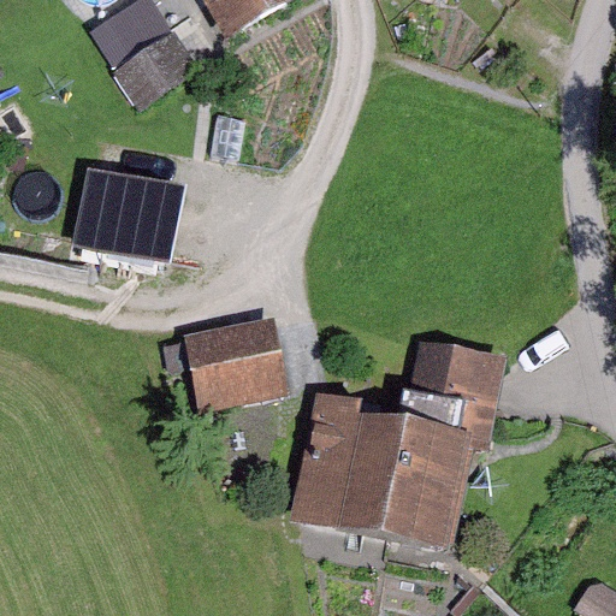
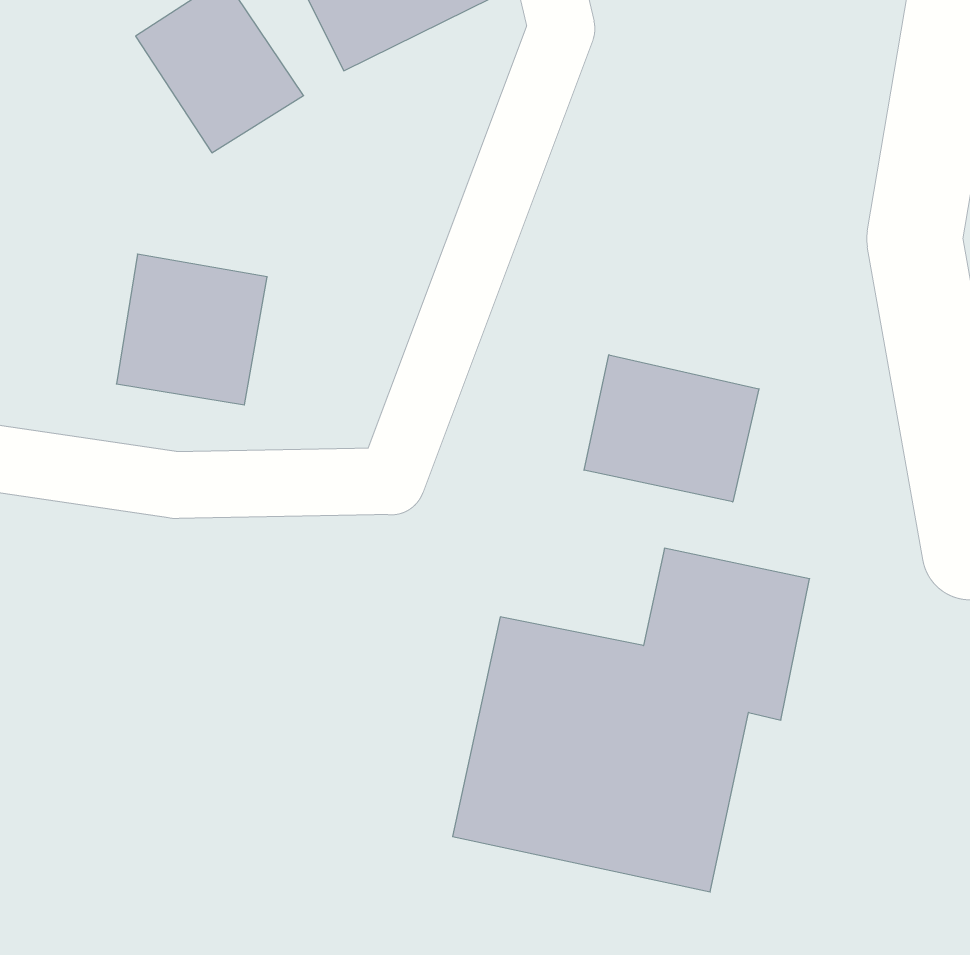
building: none -> [584,355,759,502]
building: [186,320,286,409] -> none

